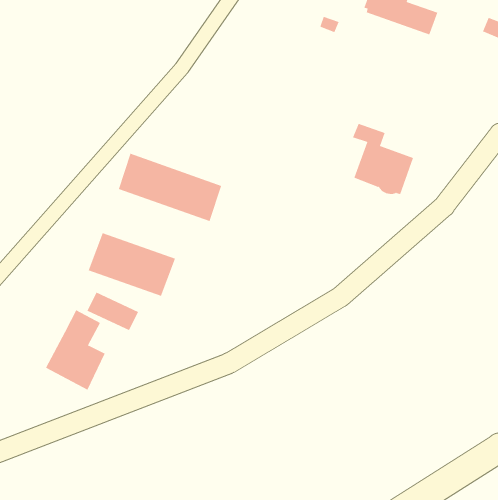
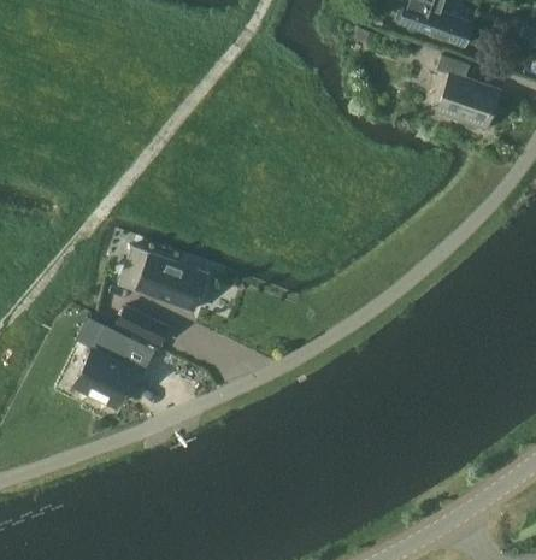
building: [352,123,414,195] -> [437,55,500,128]
building: [118,153,222,222] -> none

